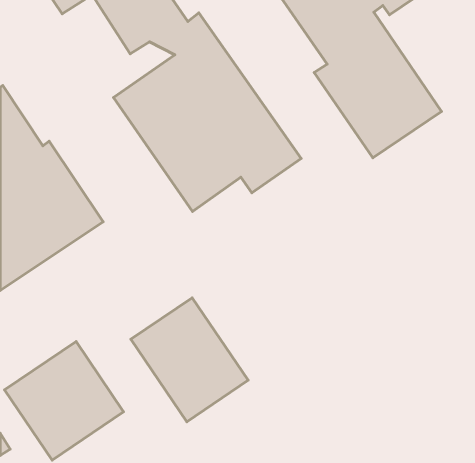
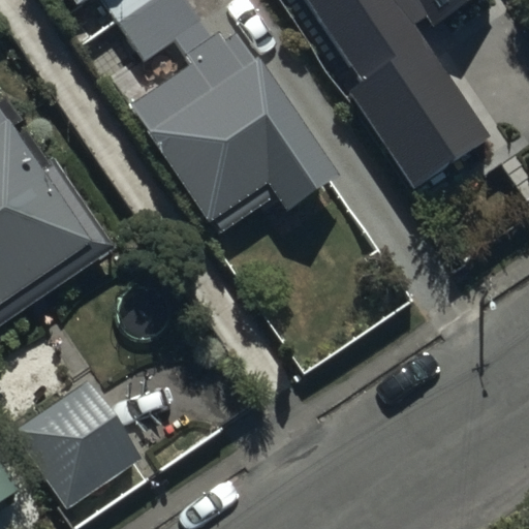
building: [131,298,248,422] -> none

